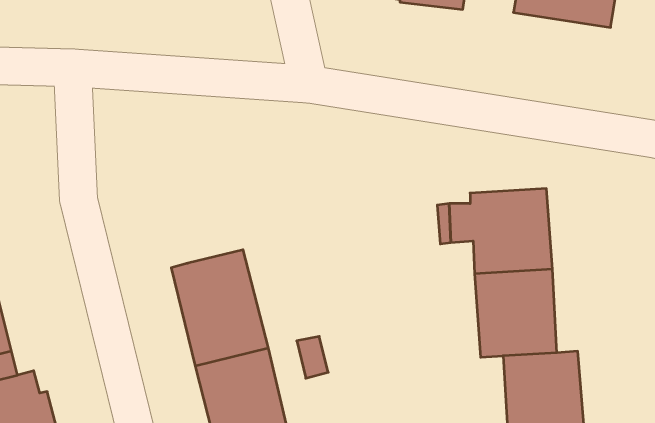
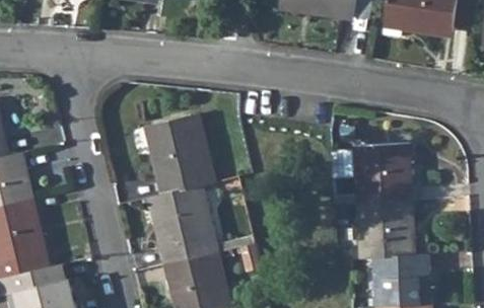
building: none -> [147,112,213,191]

